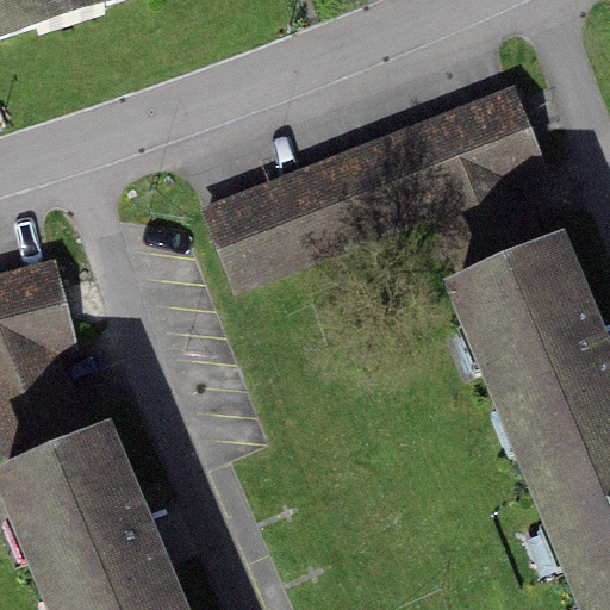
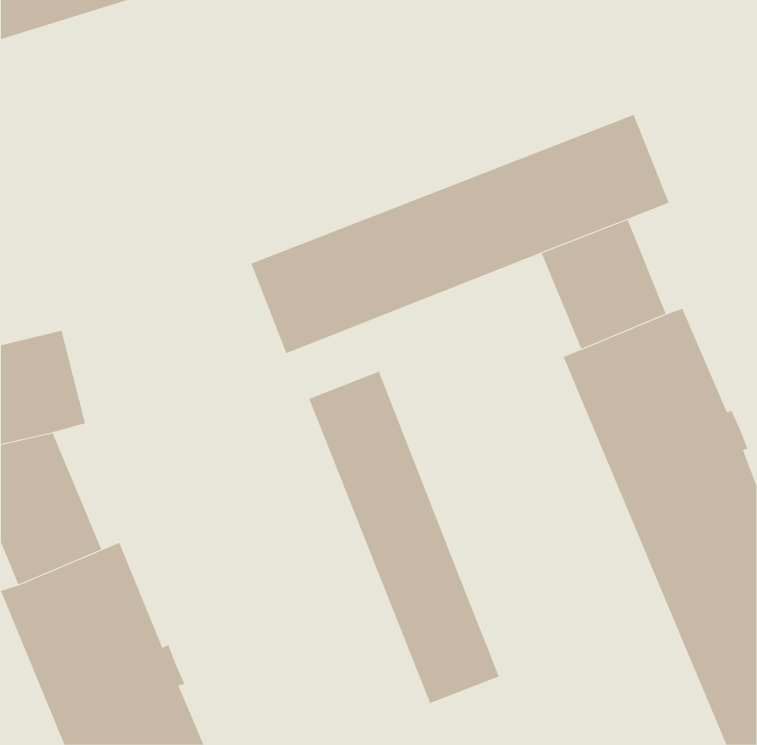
building: none -> [309,371,499,704]

